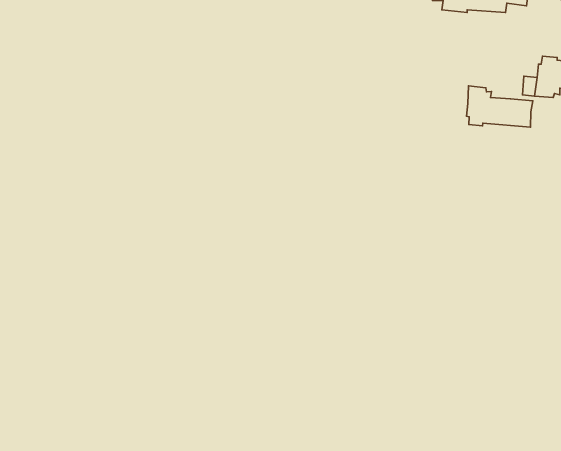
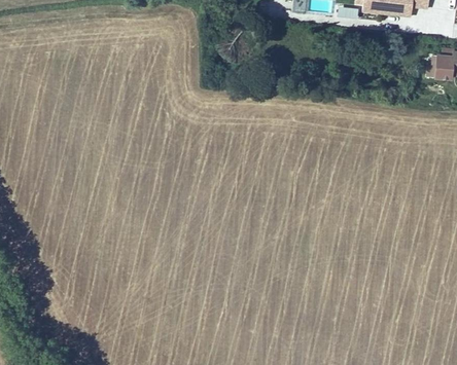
building: [467,86,533,127] -> none

